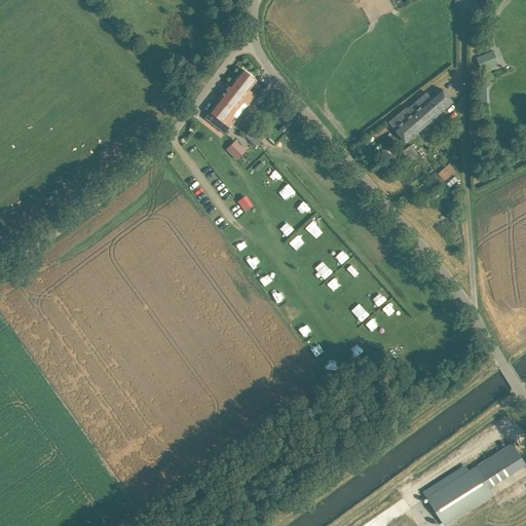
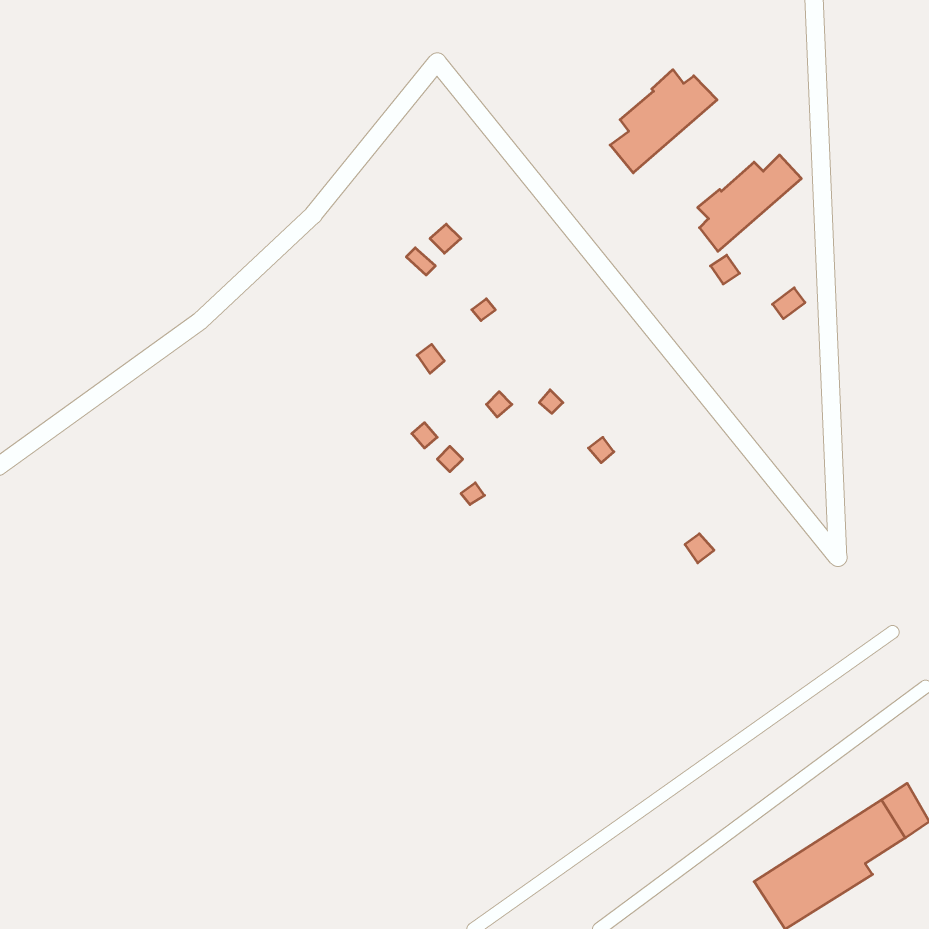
building: none -> [610,70,717,173]
building: [204,68,256,133] -> none

